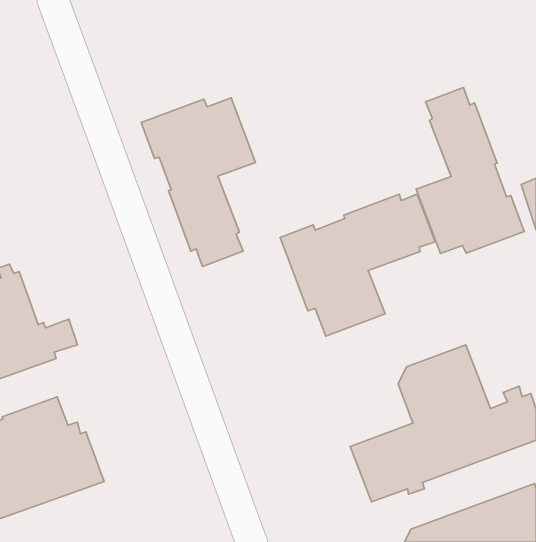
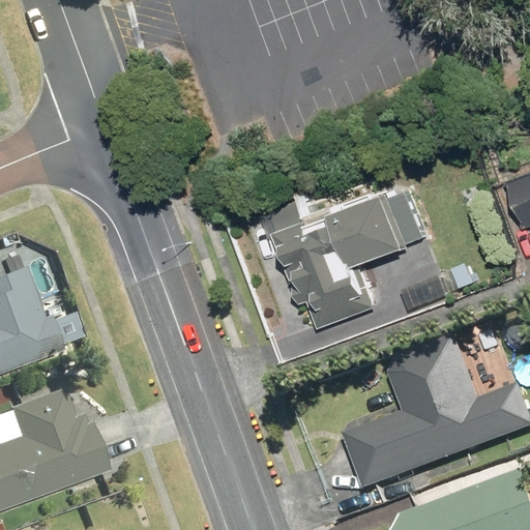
building: [416,88,524,254] -> none
building: [141,98,256,266] -> none

